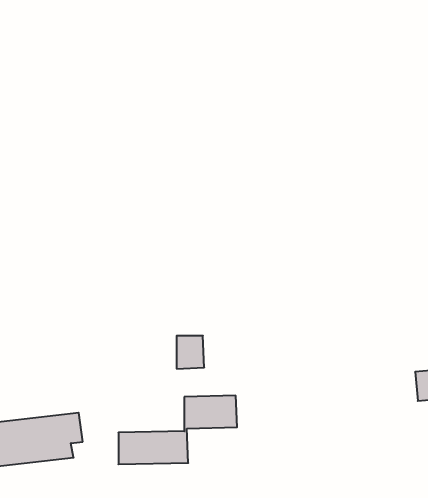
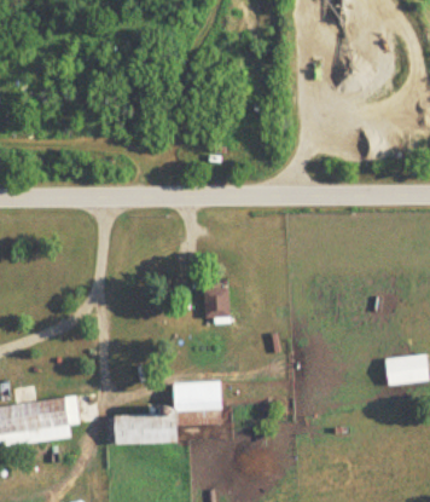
building: [177,336,204,369] -> [204,288,229,318]

